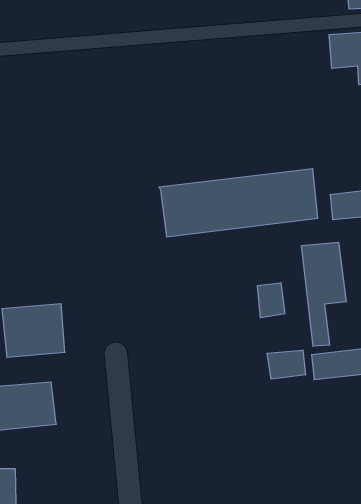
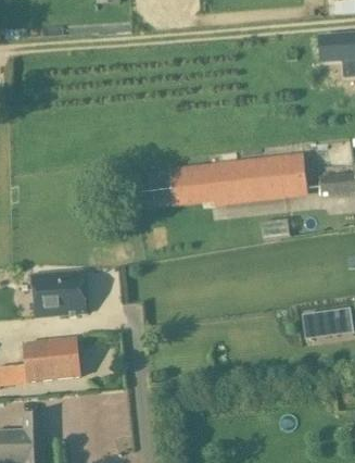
building: [302,242,346,346] -> none
building: [258,283,285,318] -> none
building: [267,350,306,379] -> none

